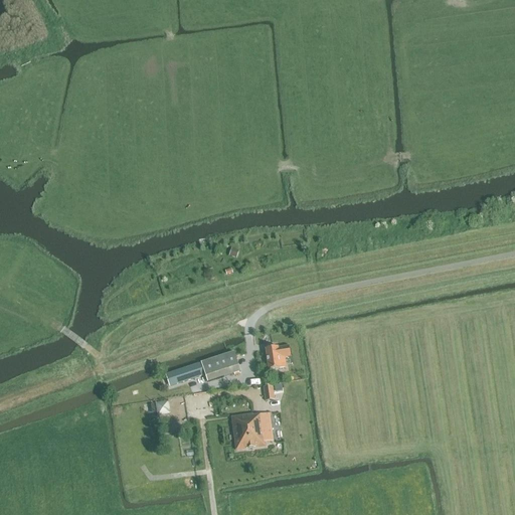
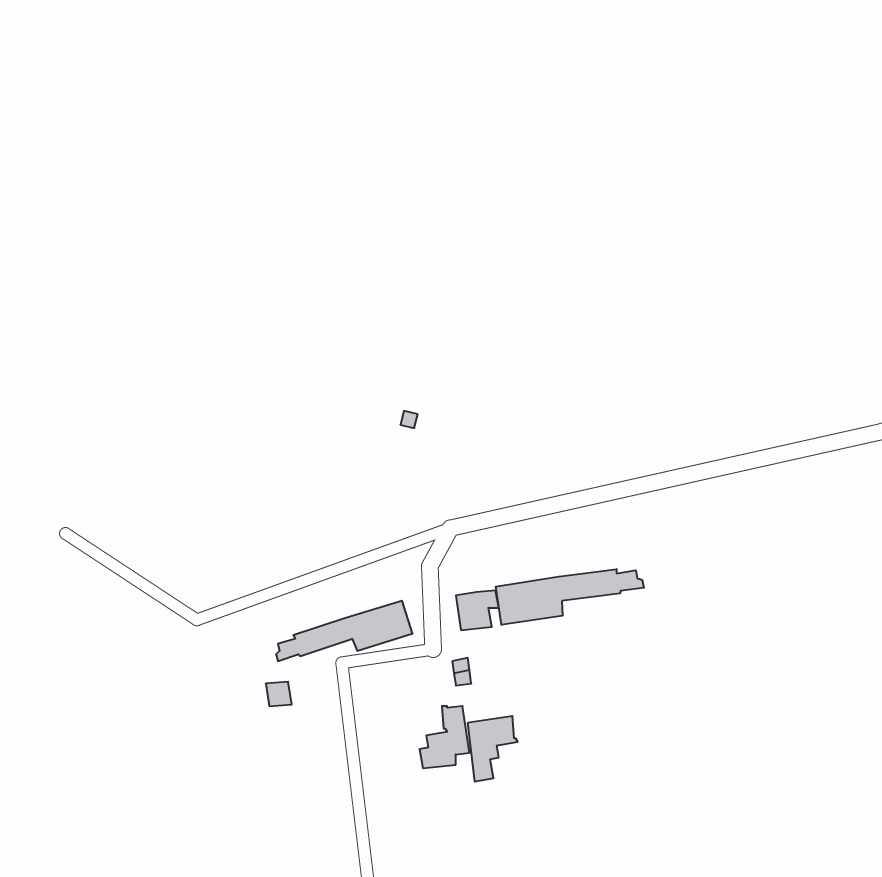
building: none -> [496,569,644,625]
building: [231,411,261,450] -> [468,716,518,782]

